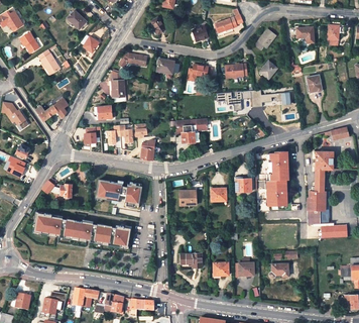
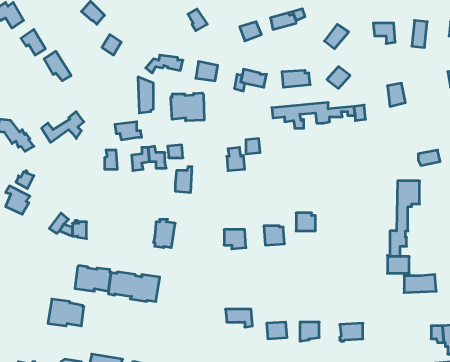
building: none -> [171,93,204,121]
building: [265,151,286,205] -> none
building: [94,178,121,200] -> none
building: [32,212,61,233] -> [48,299,84,326]

